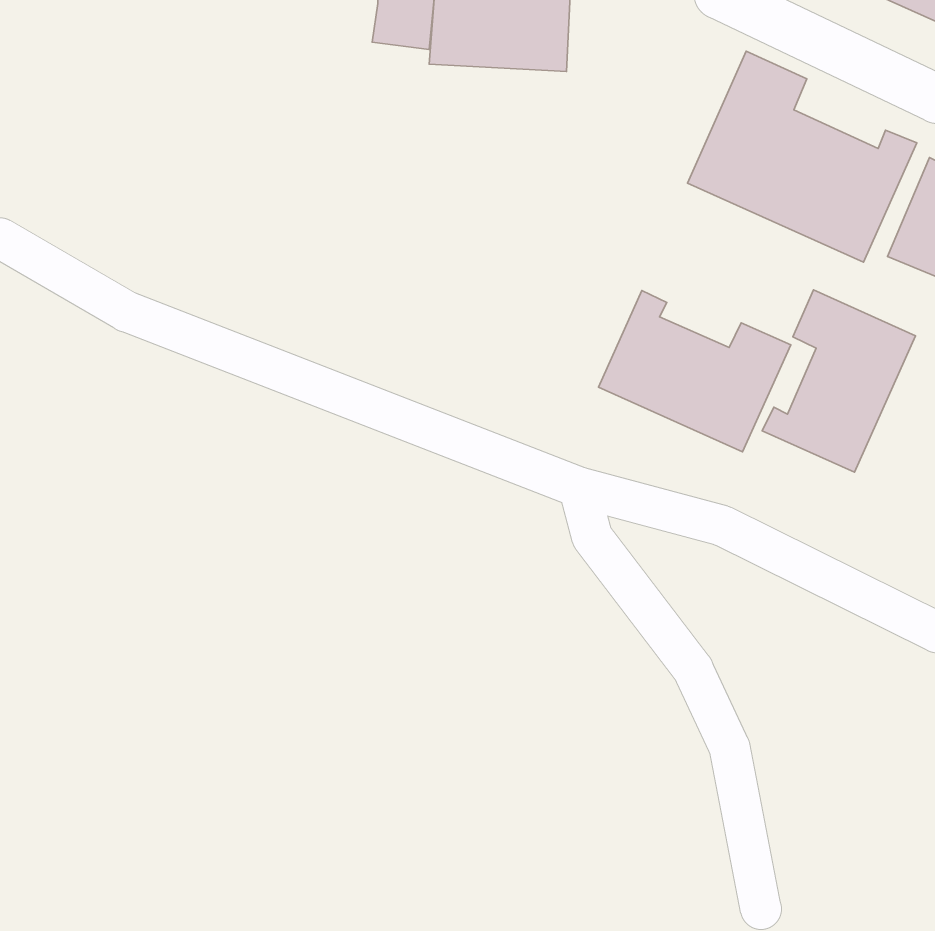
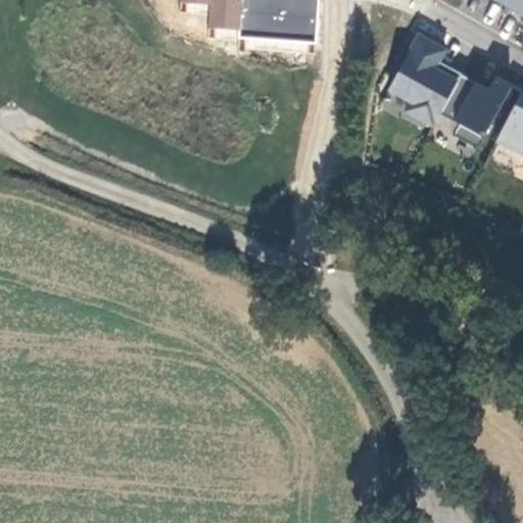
building: [762,290,915,472] -> none
building: [598,290,791,452] -> none

